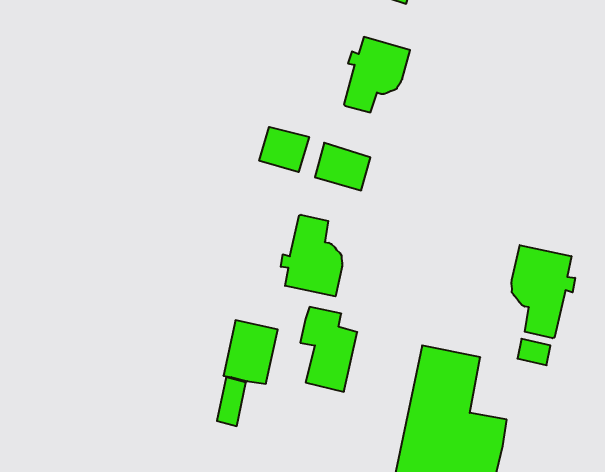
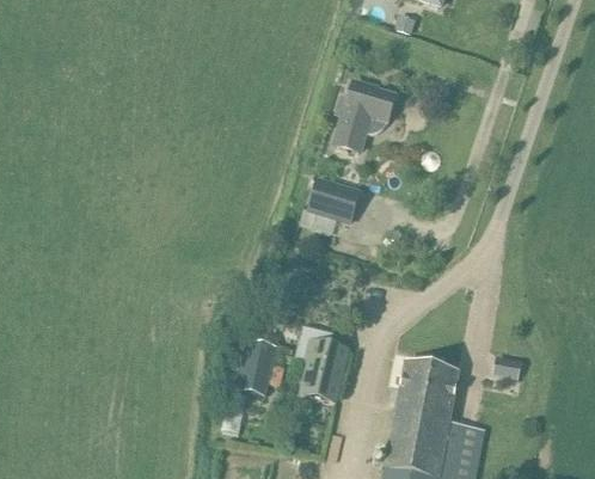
building: [259,127,309,172] -> none
building: [281,215,342,296] -> none
building: [512,245,575,338] -> none

